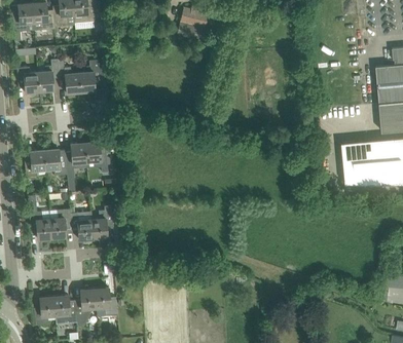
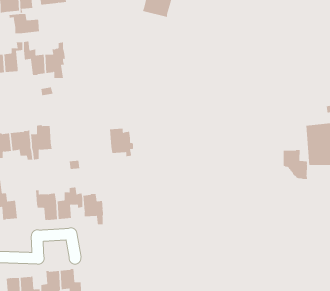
building: none -> [9,13,40,34]
building: [84,141,109,171] -> [109,126,134,157]
building: none -> [283,149,307,180]
building: [49,208,70,237] -> none
building: none -> [83,193,104,225]

